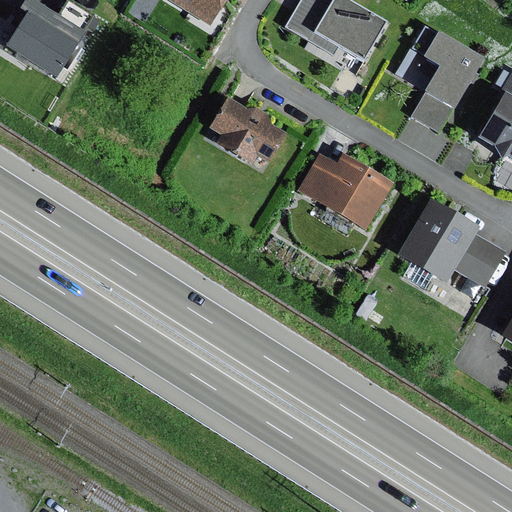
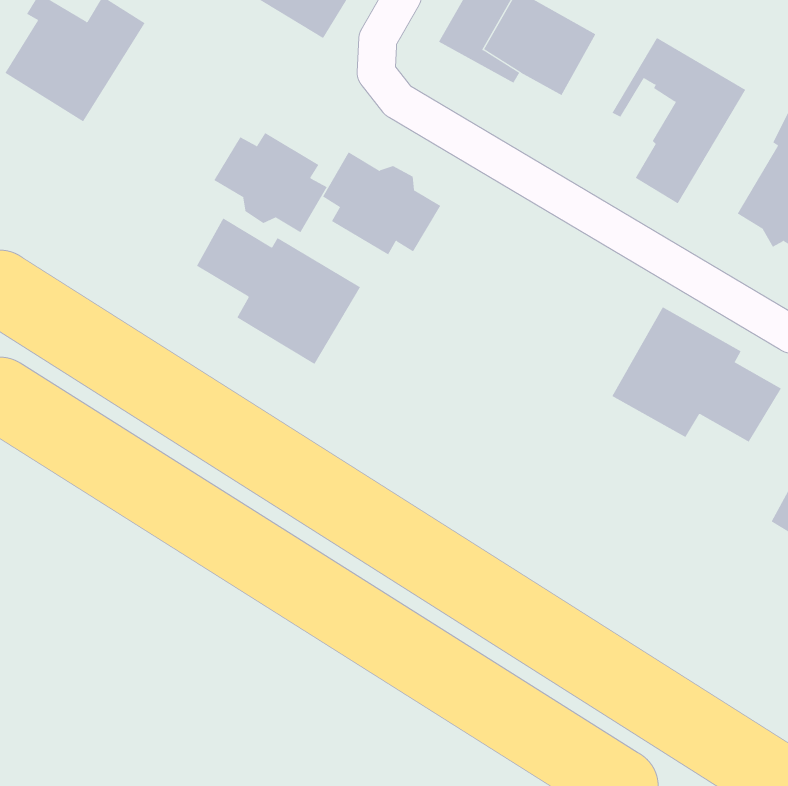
building: none -> [213,132,328,233]
building: none -> [196,218,361,365]
building: [298,153,394,230] -> none

